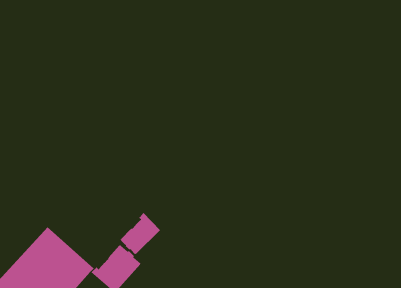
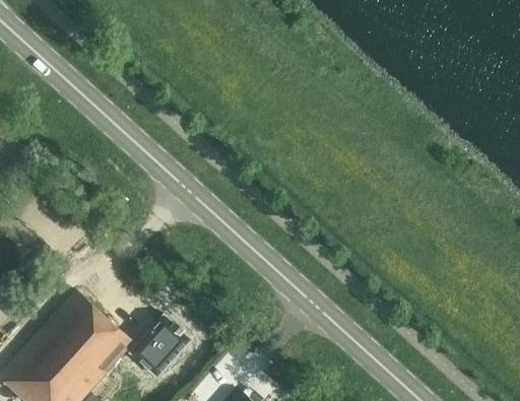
building: [119,212,161,256] -> none

